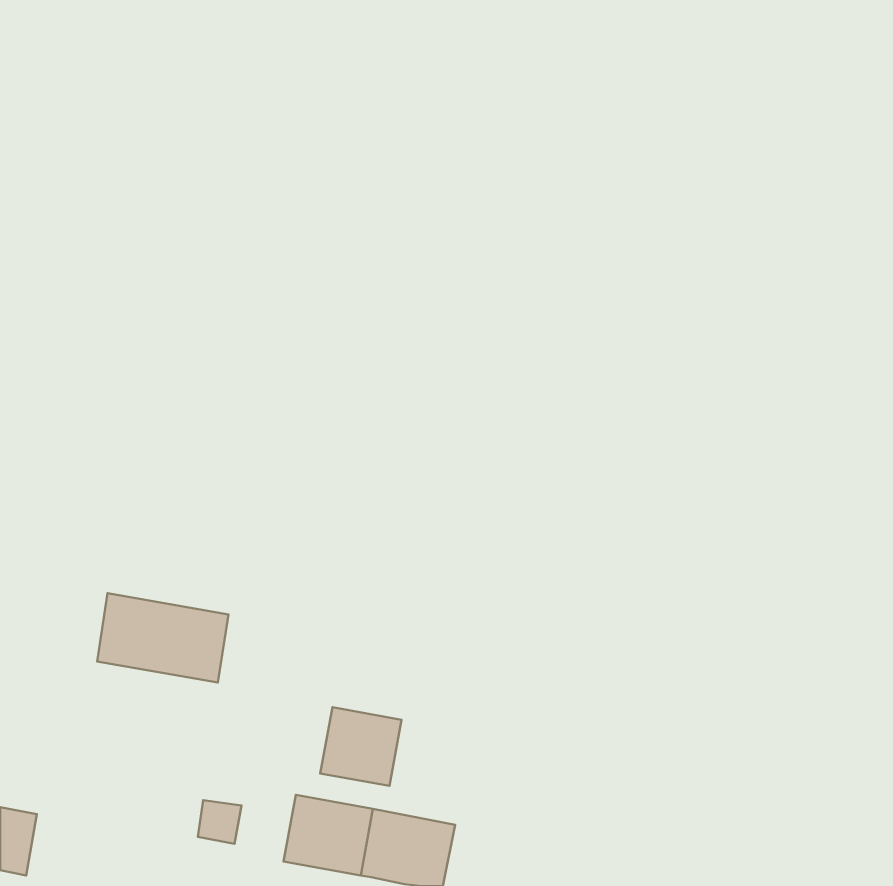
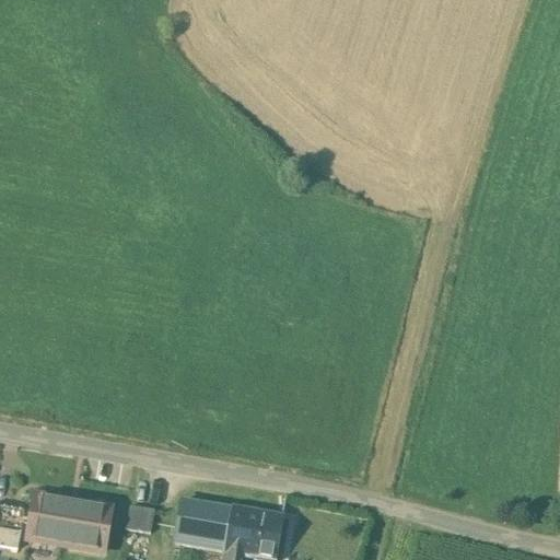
building: [97,593,228,683] -> [28,493,110,549]
building: [320,707,402,786] -> none

